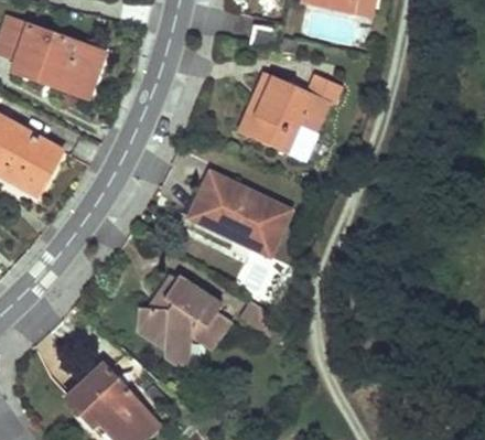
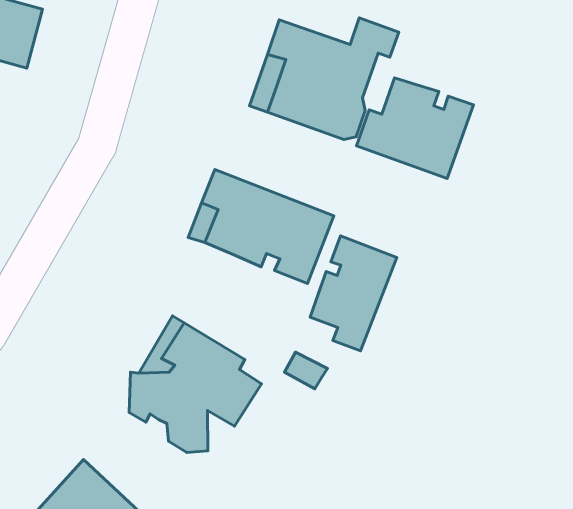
building: none -> [357,78,473,178]
building: none -> [310,236,397,351]

